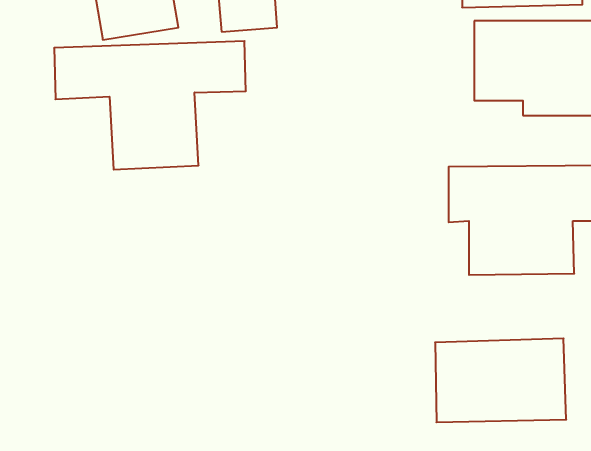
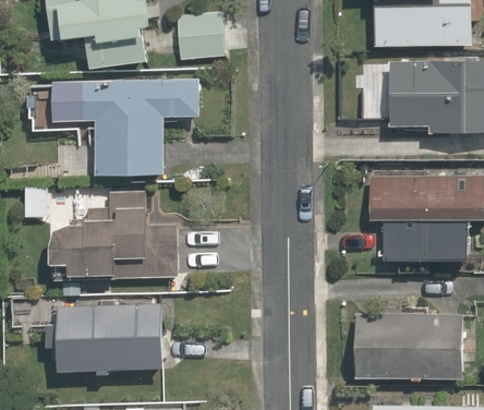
building: none -> [51,190,177,281]
building: none -> [48,299,165,372]

